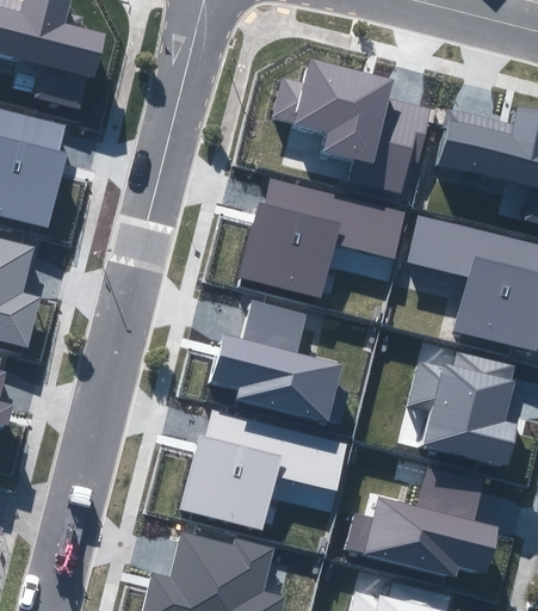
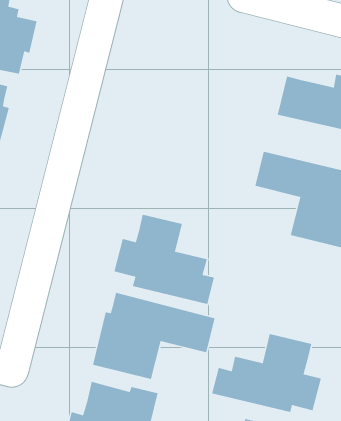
building: [270,60,429,196] -> none
building: [239,178,406,297] -> none
building: [408,352,518,464] -> none

